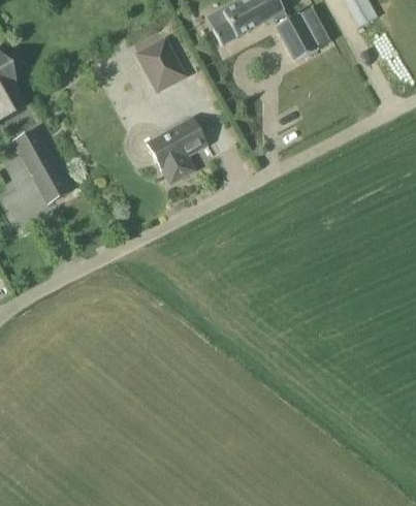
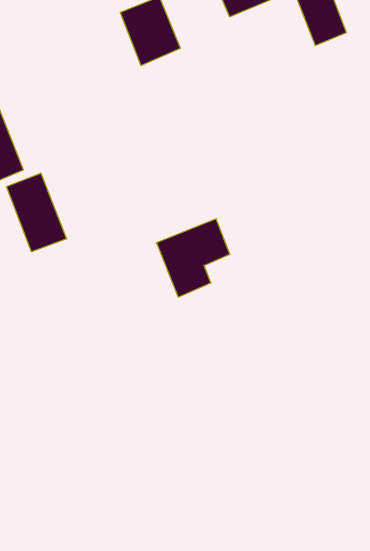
building: [146,118,205,184] -> [156,219,230,297]
building: none -> [7,173,67,252]

